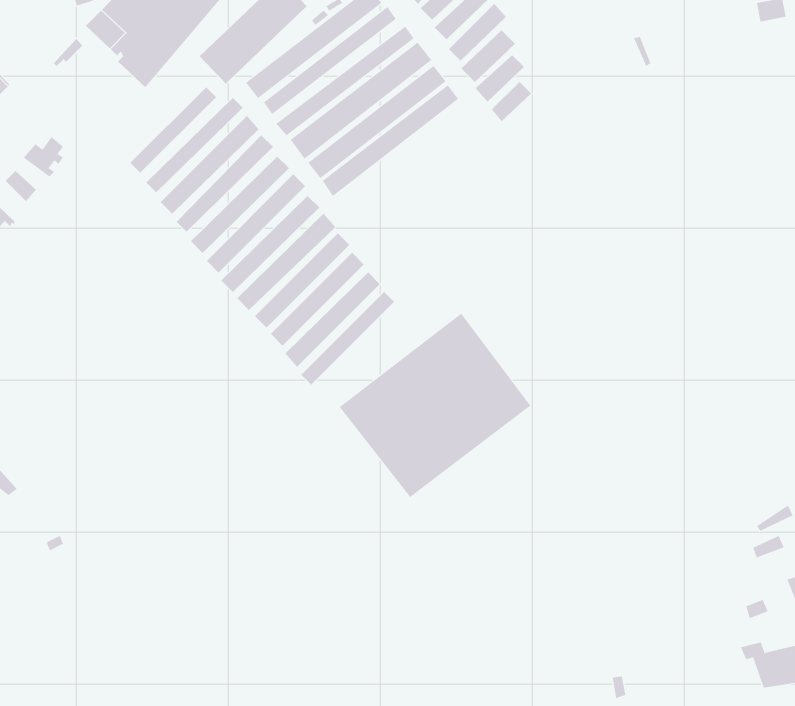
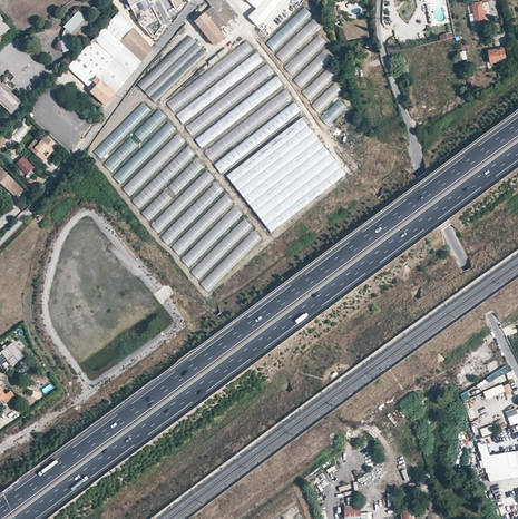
building: [339,313,531,498] -> [225,116,345,232]

